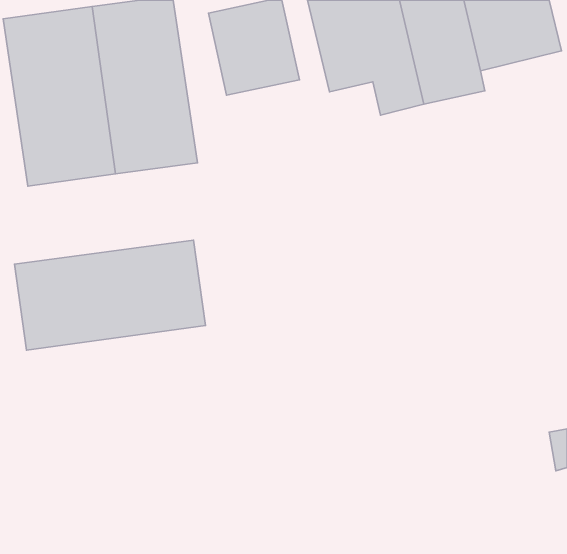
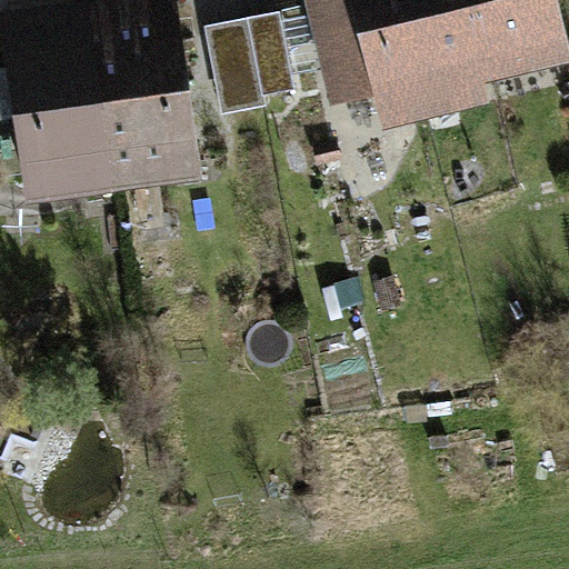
building: [14,240,205,350] -> none

